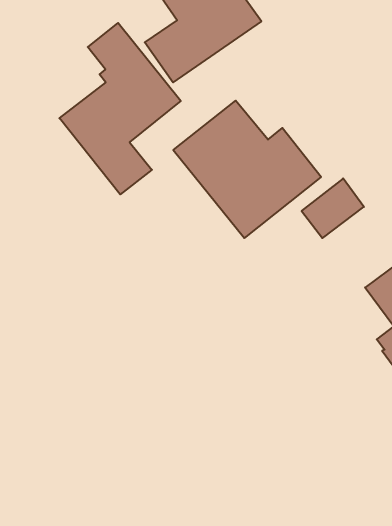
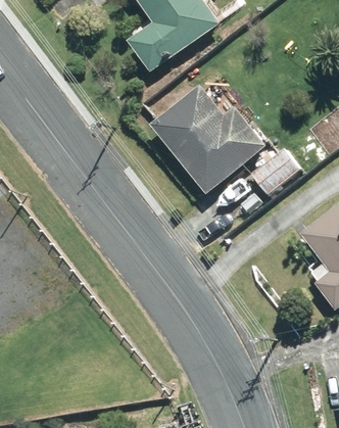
building: [59,23,181,194] -> none

